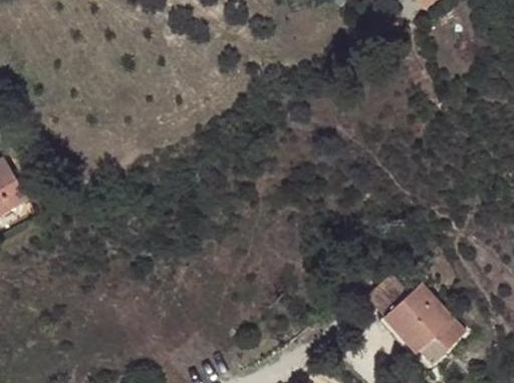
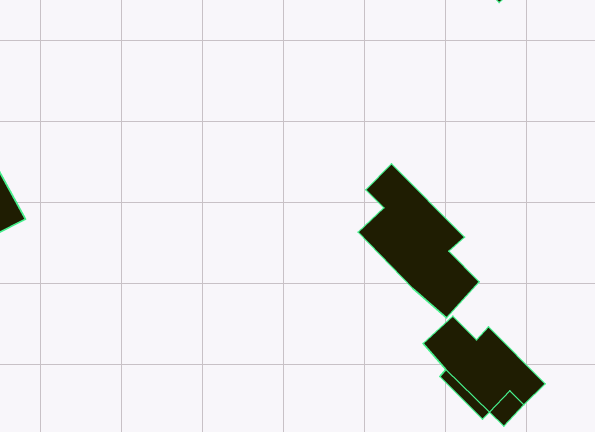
building: none -> [358,164,479,318]

